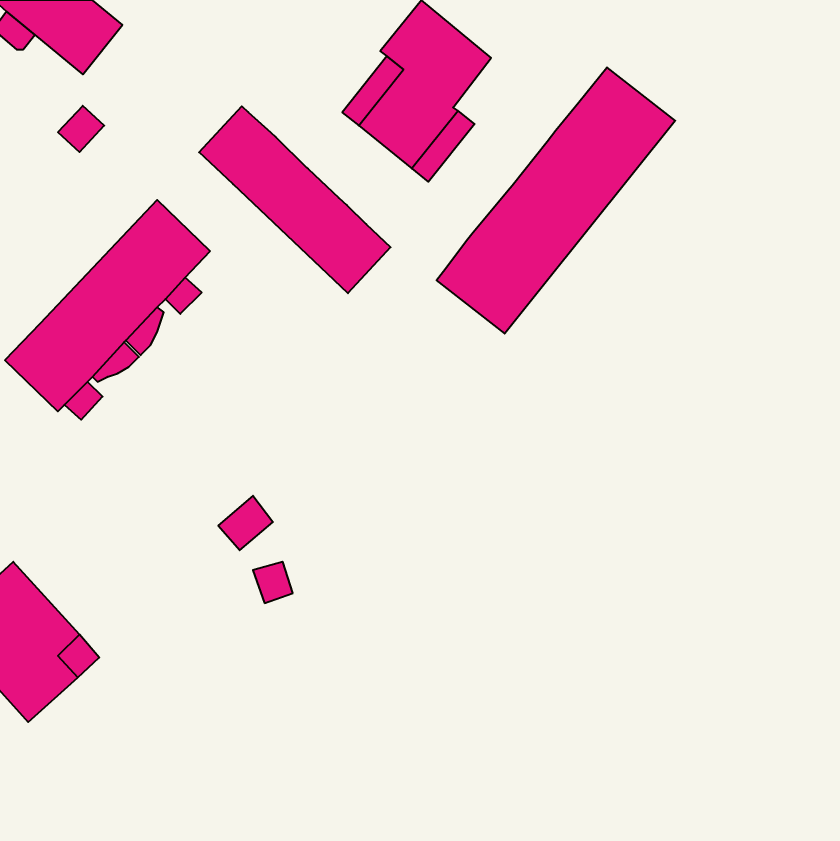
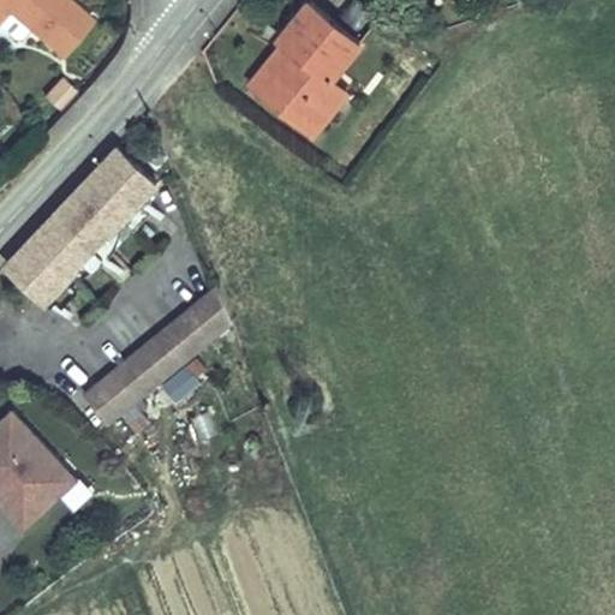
building: [437,67,675,334] -> none
building: [199,106,391,293] -> none
building: none -> [80,287,229,423]

